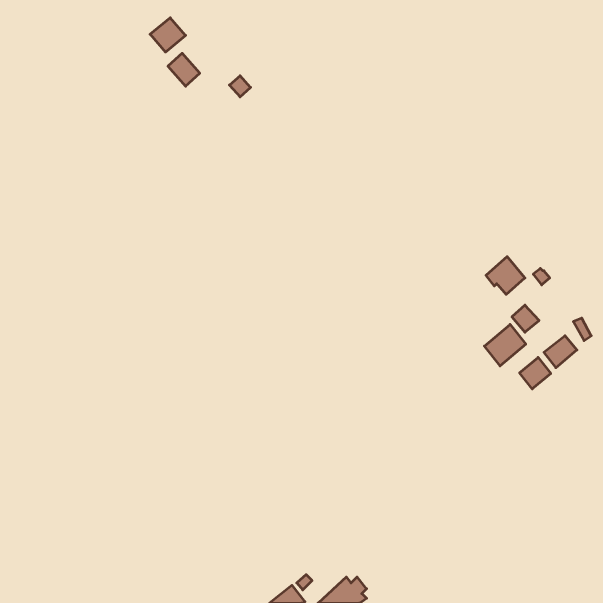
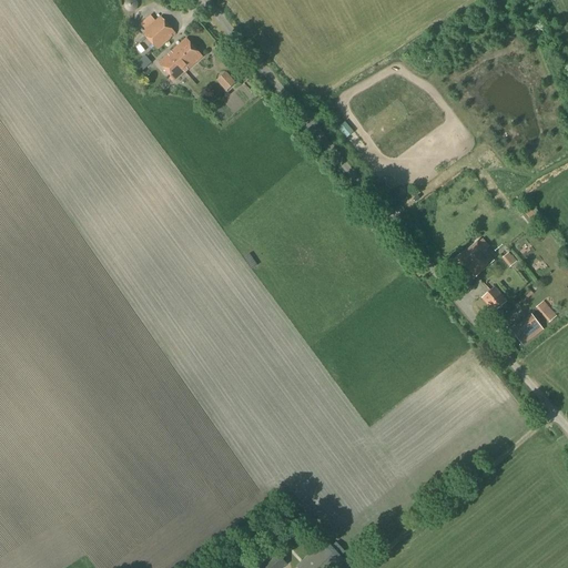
building: none -> [171,38,201,69]
building: [484,324,526,366] -> none
building: [520,357,551,389] -> none

